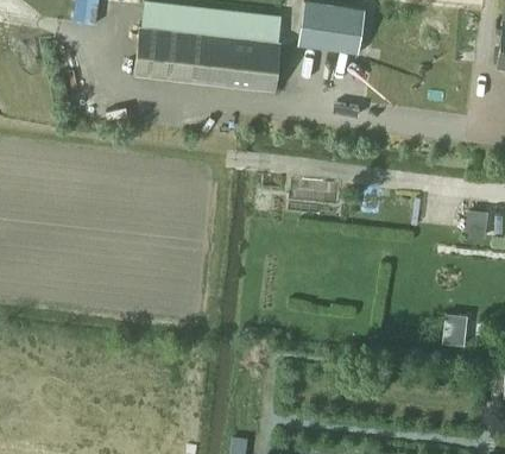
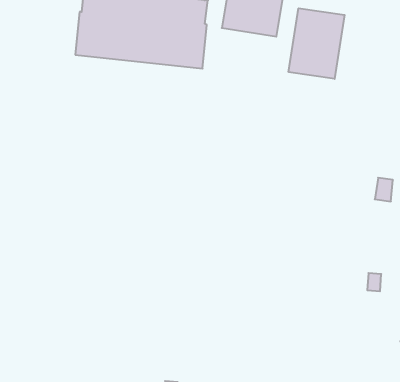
building: none -> [289,8,345,79]

